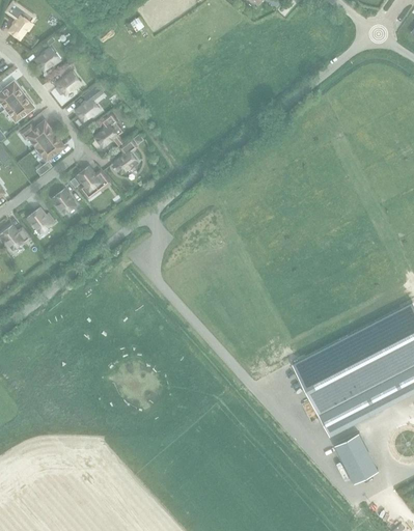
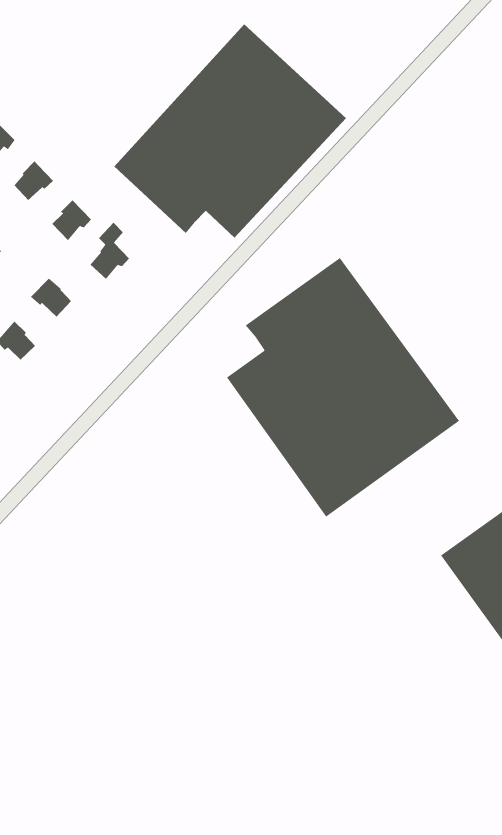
building: none -> [114,24,347,238]
building: none -> [226,257,460,518]

